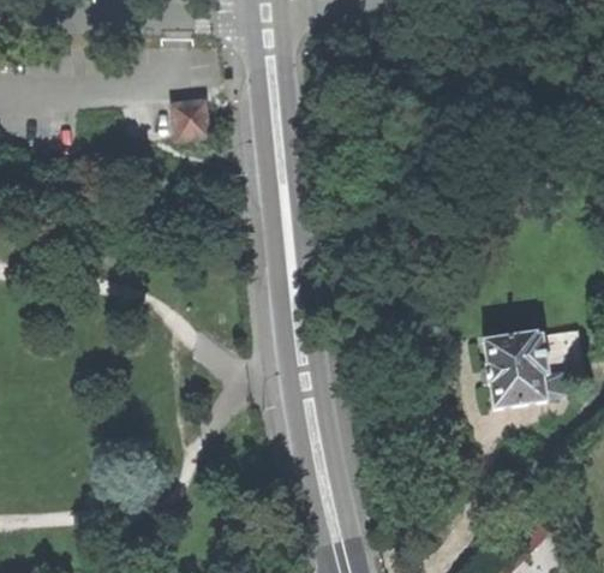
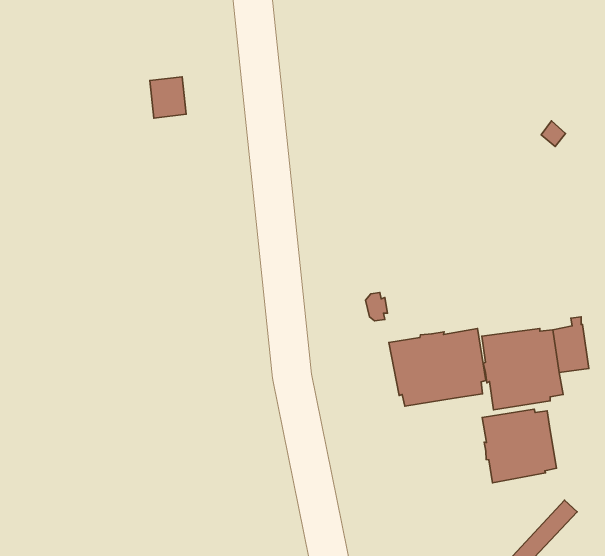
building: none -> [389,328,486,406]
building: none -> [482,409,556,483]

